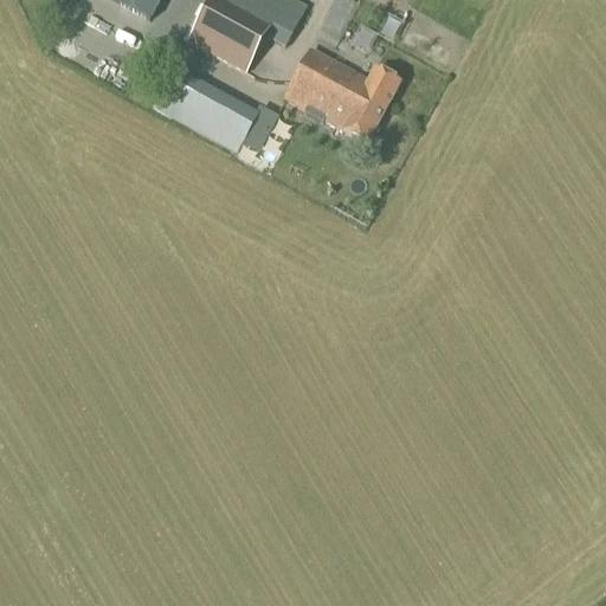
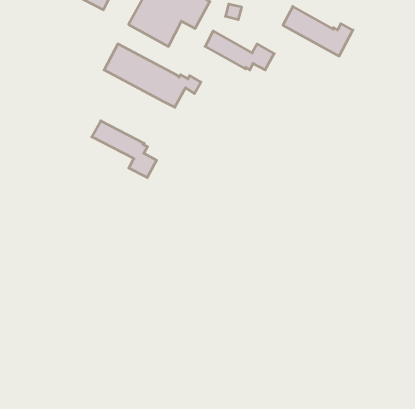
building: [285,67,387,140] -> [283,6,353,56]
building: none -> [92,121,157,178]

